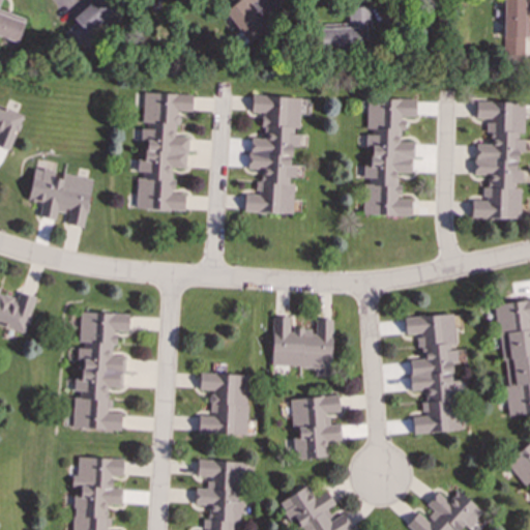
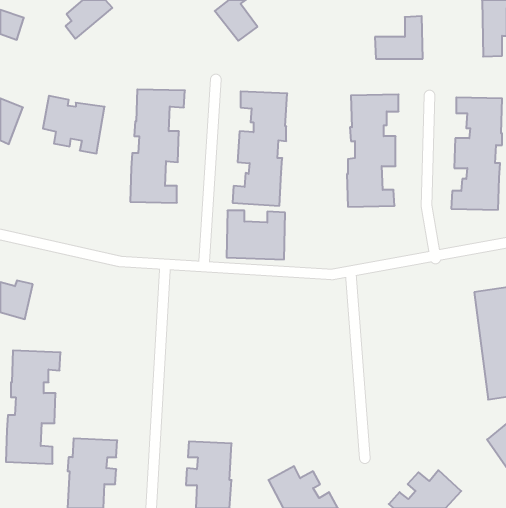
building: [320,6,370,51] -> [375,16,423,59]
building: [29,167,93,227] -> [43,96,105,153]
building: [73,312,130,430] -> [6,350,61,464]
building: [406,314,468,434] -> none
building: [272,317,333,367] -> [227,211,285,259]
building: [199,373,249,436] -> none
building: [291,395,342,459] -> none

